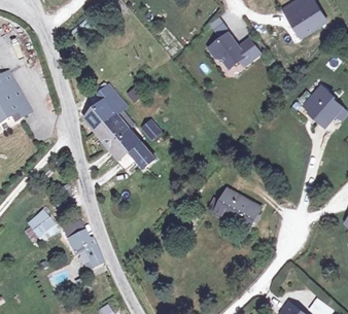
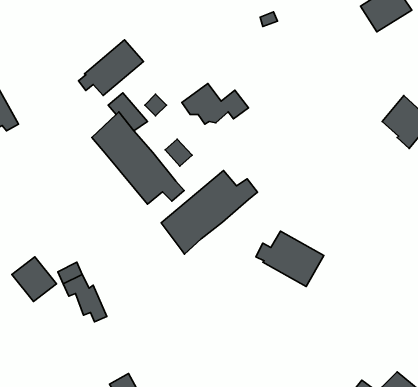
building: [210,34,260,65] -> [182,83,248,124]
building: none -> [78,40,143,96]
building: none -> [161,171,258,254]

